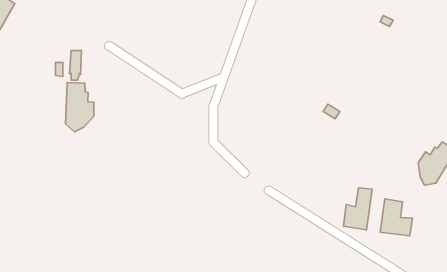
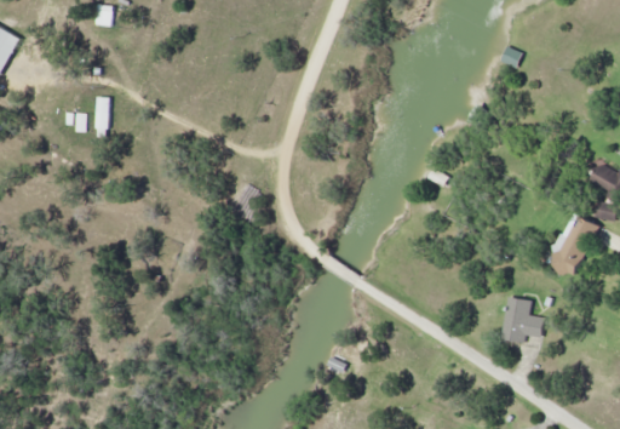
building: [66,82,94,132] -> none
building: [344,188,372,230] -> none

